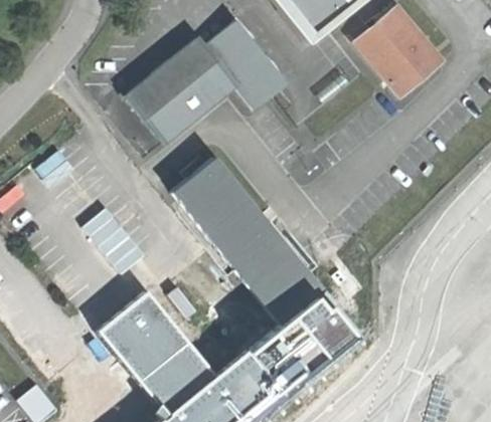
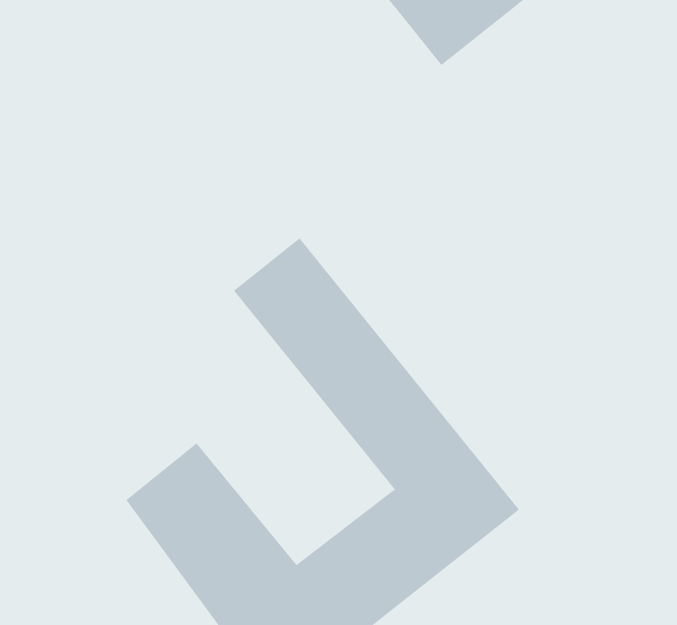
building: [351,5,439,94] -> none
building: [125,20,289,148] -> none

